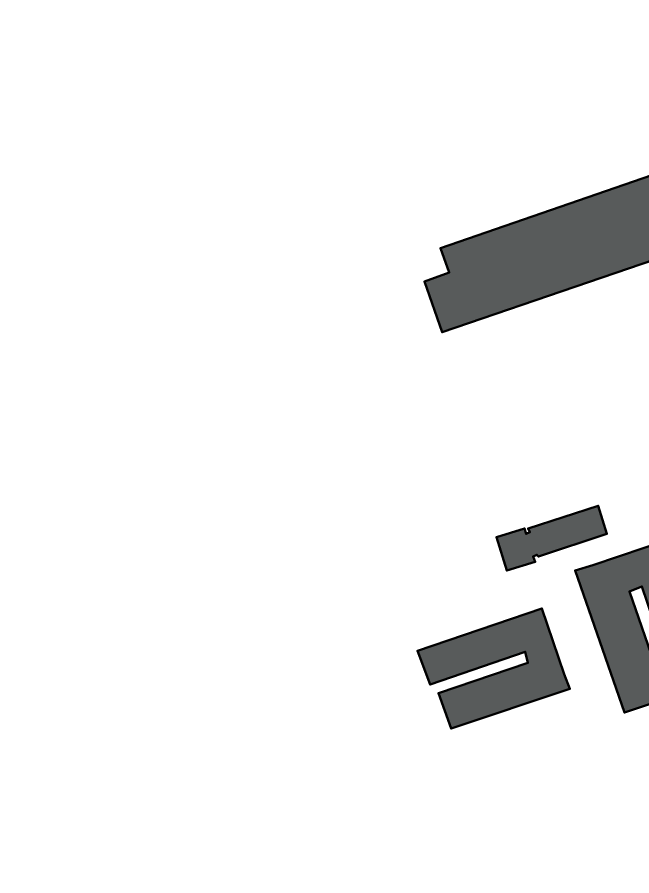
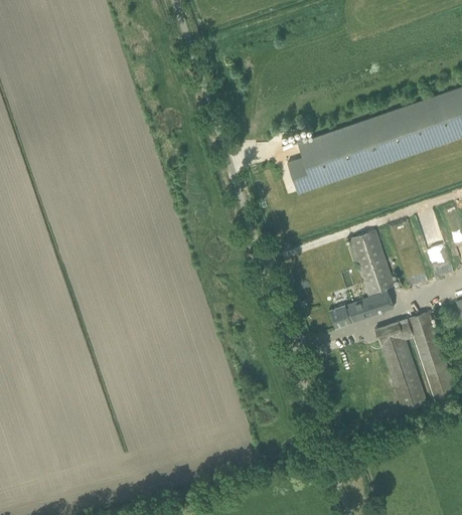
building: none -> [350,229,395,294]
building: [418,609,570,729] -> none

